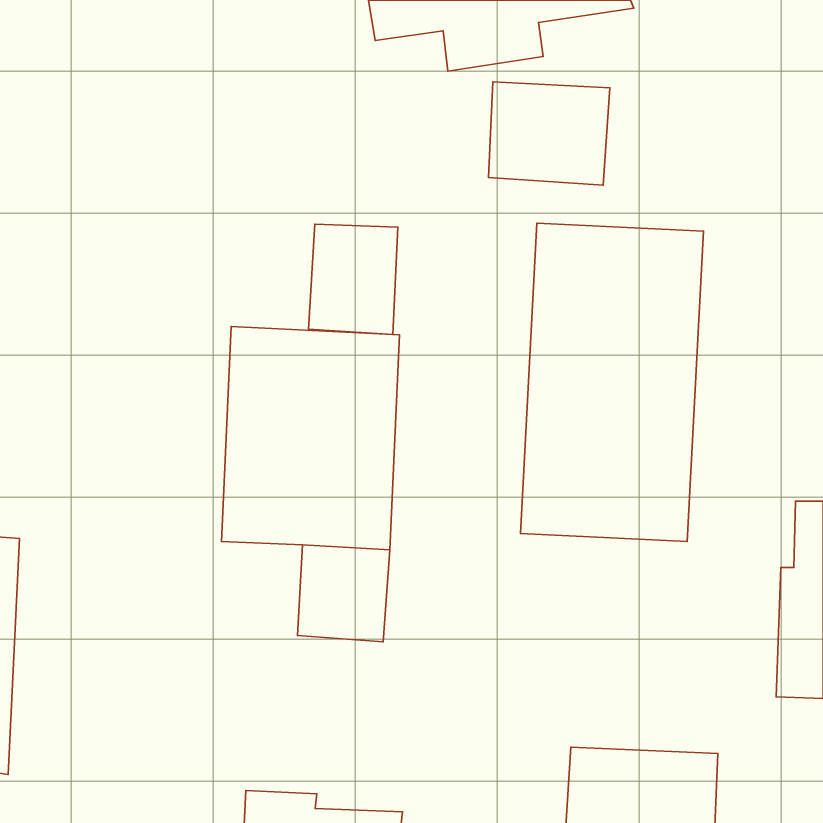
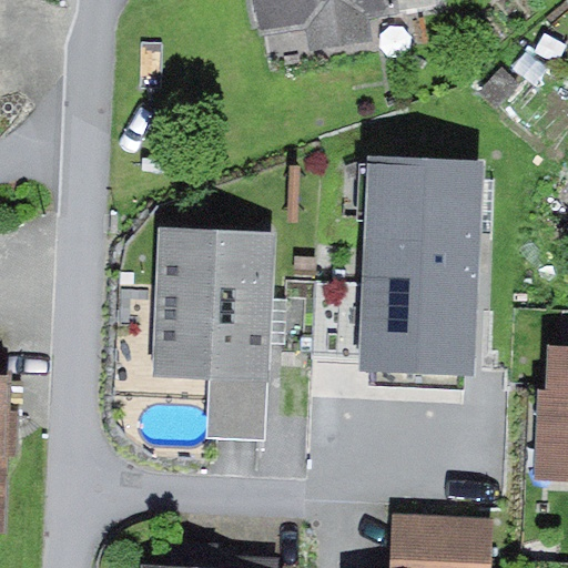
building: [488,82,610,185] -> none
building: [309,224,398,334] -> none

